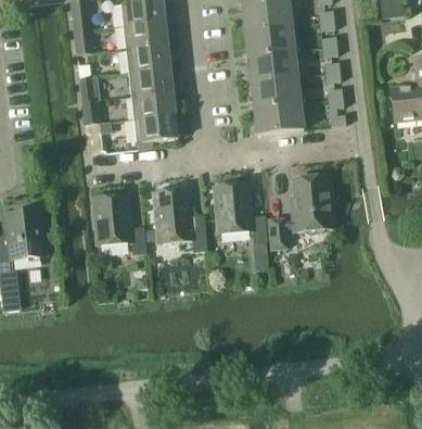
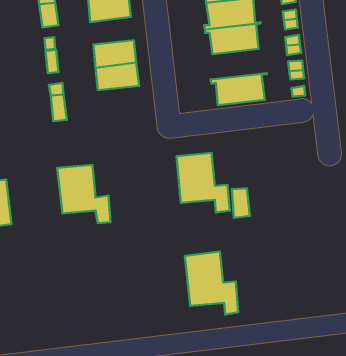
building: [126,42,170,71] -> none
building: [248,75,306,106] -> none
building: [133,113,178,141] -> none
building: [293,174,333,232] -> none
building: [153,187,207,251] -> [185,252,238,314]

